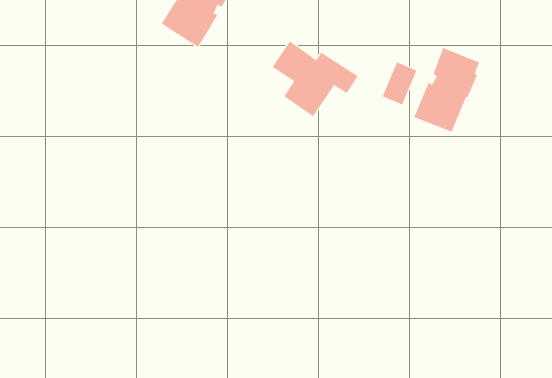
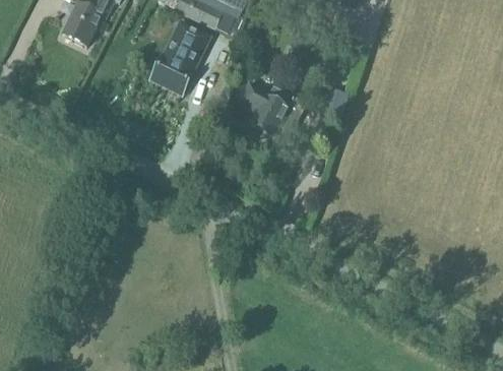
building: [413,47,480,133] -> none

